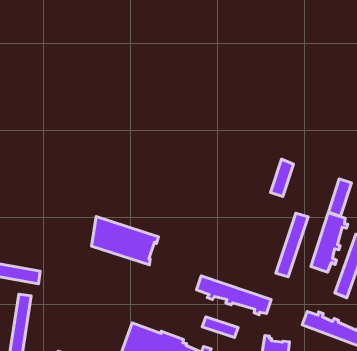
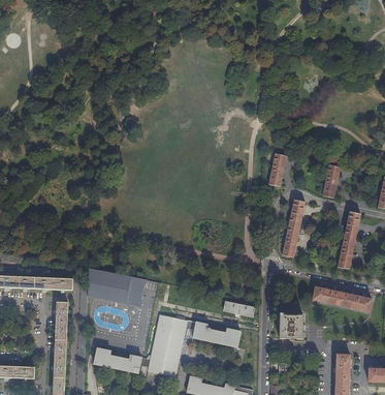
building: [311,213,348,272] -> none
building: [92,217,159,265] -> [88,269,147,306]
building: [197,276,271,315] -> none

